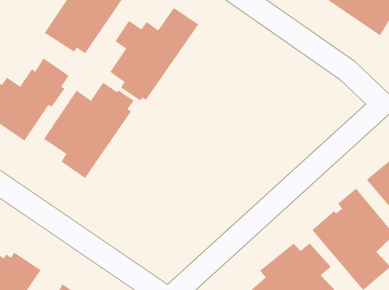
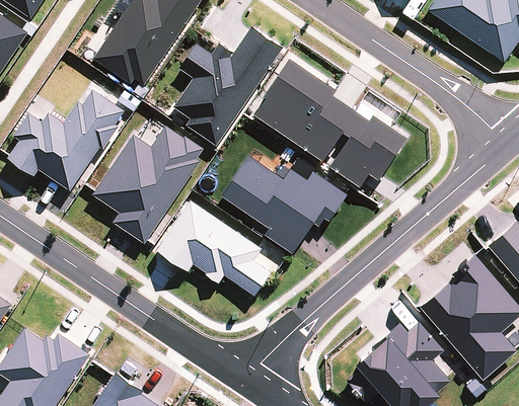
building: none -> [254,62,407,191]
building: none -> [220,152,347,249]
building: none -> [156,196,271,292]

